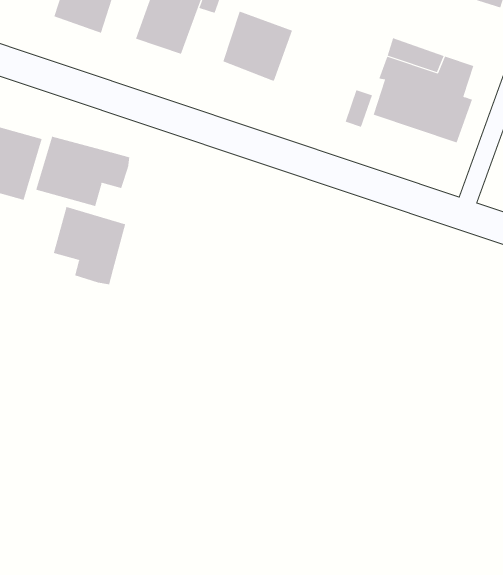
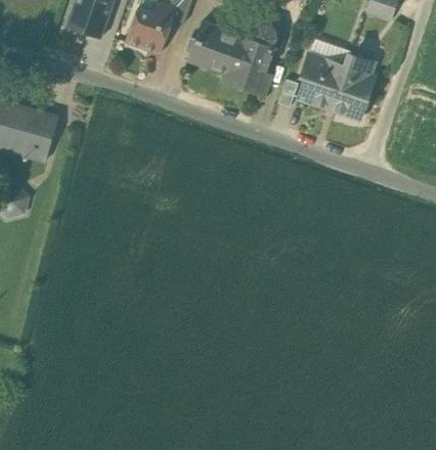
building: none -> [222,24,273,93]
building: [36,136,130,207] -> none
building: [53,206,126,285] -> none

